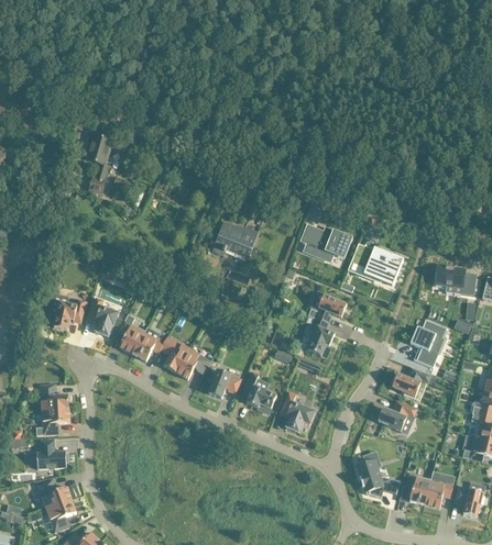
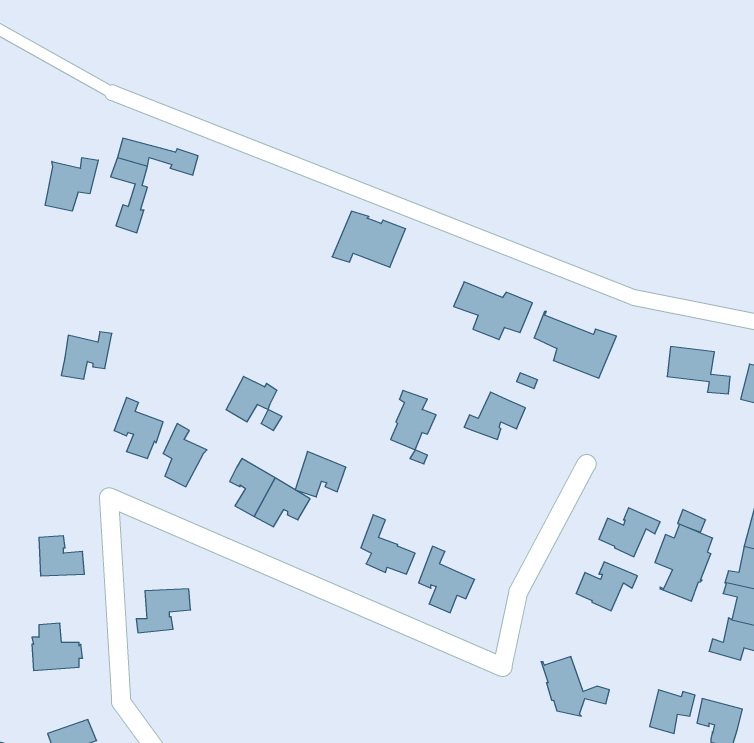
building: none -> [45,158,98,211]
building: [212,222,259,257] -> [332,211,406,267]
building: [54,299,86,329] -> [61,332,112,379]
building: [306,318,335,355] -> [391,390,436,450]
building: [411,319,447,367] -> [655,524,713,601]
building: [133,332,165,360] -> [226,376,277,422]
building: [209,368,241,397] -> [295,451,346,497]
building: [36,408,70,435] -> [136,589,191,633]
building: [406,472,431,503] -> none
building: [37,479,72,508] -> none

